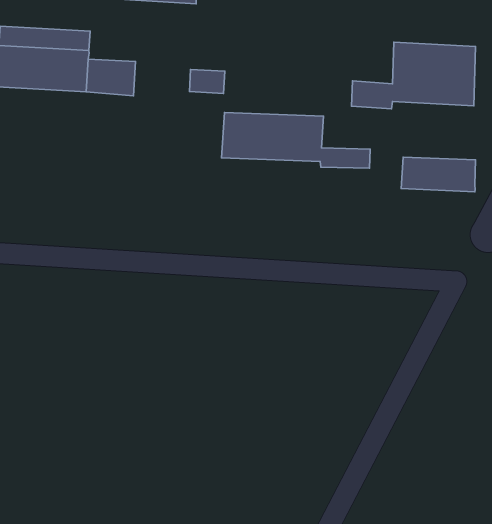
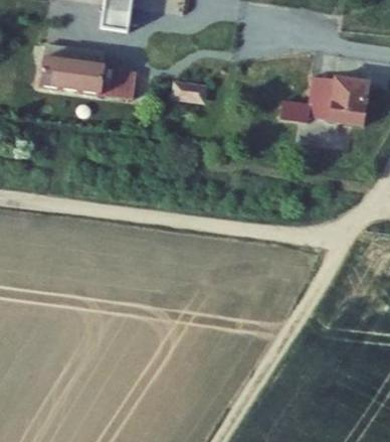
building: [221,113,370,168] -> none
building: [401,157,476,192] -> none

